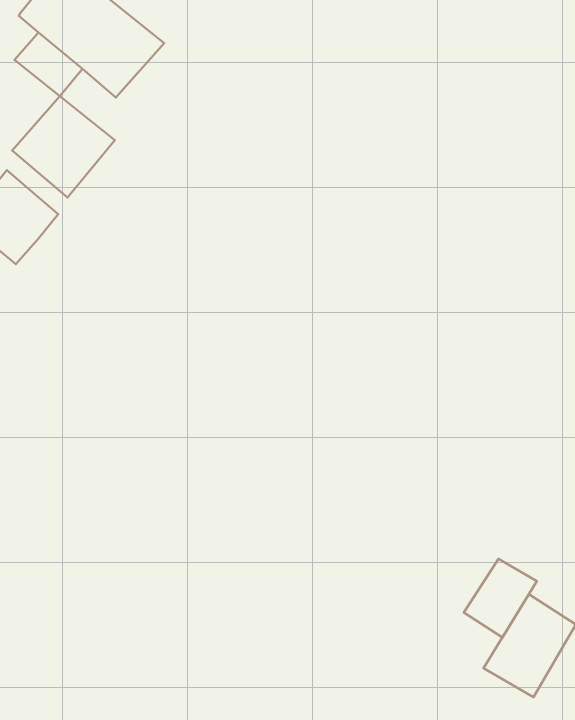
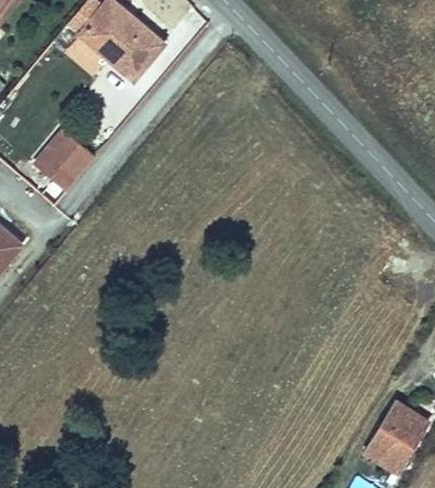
building: [12,96,115,198] -> none
building: [464,559,537,637] -> none

